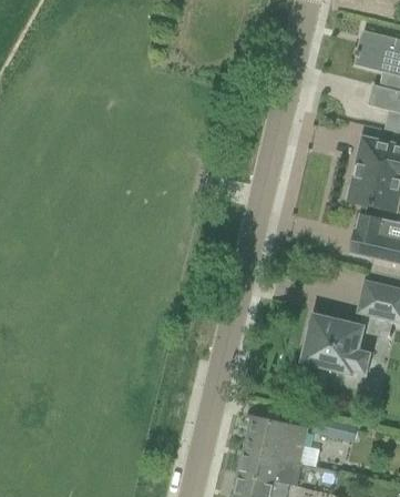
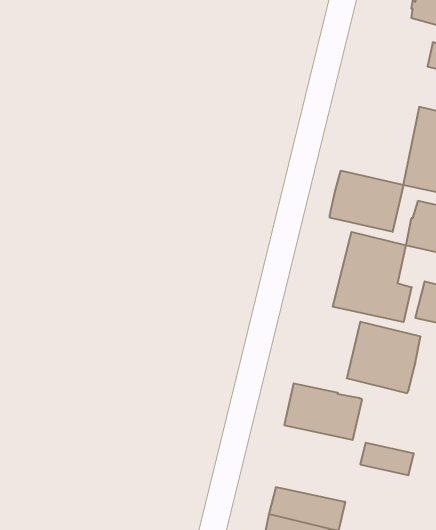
building: none -> [330,171,404,232]
building: none -> [333,232,412,322]
building: [244,417,308,464] -> [284,383,362,440]

